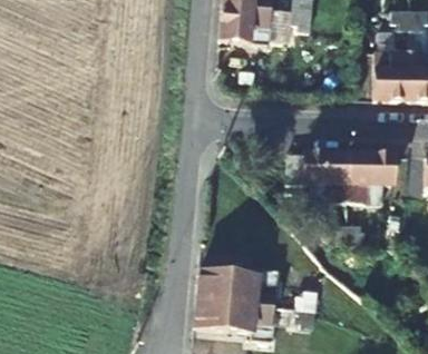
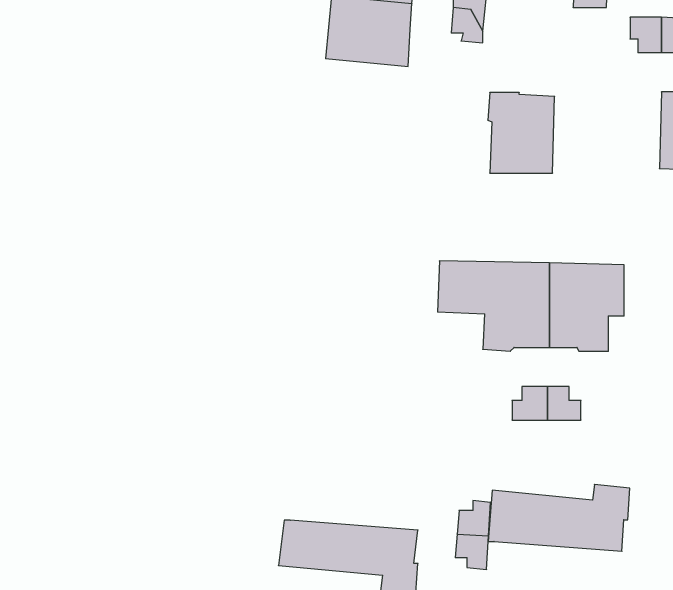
building: [373,53,411,99] -> [488,93,555,173]
building: [197,266,278,304] -> [488,484,630,551]

